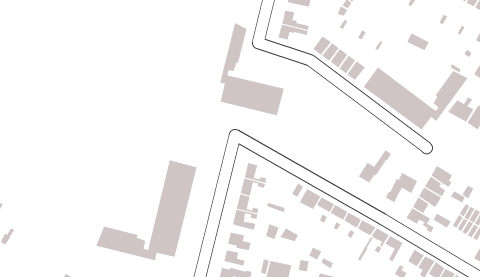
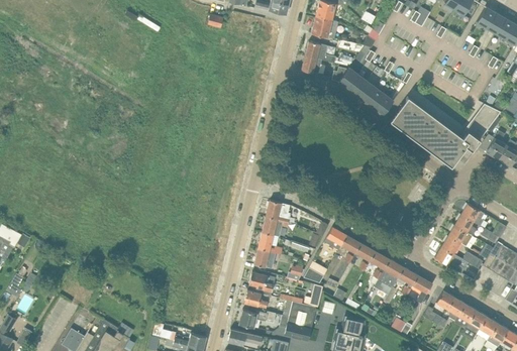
building: [219,22,285,116] -> none
building: [358,149,392,183] -> none
building: [95,159,197,261] -> none
building: [385,172,418,203] -> none

